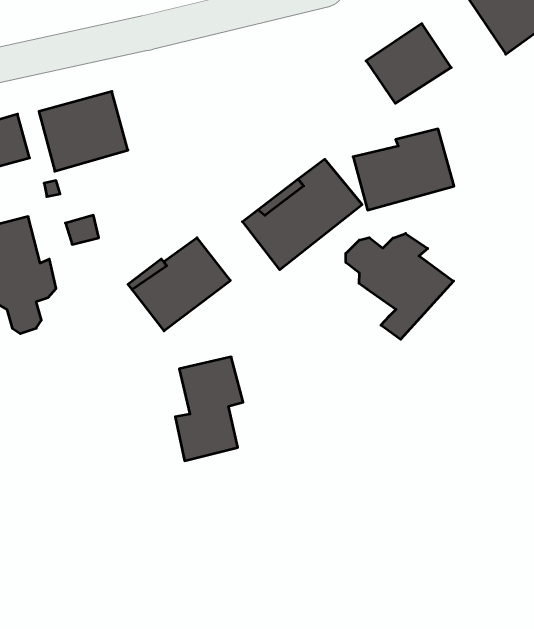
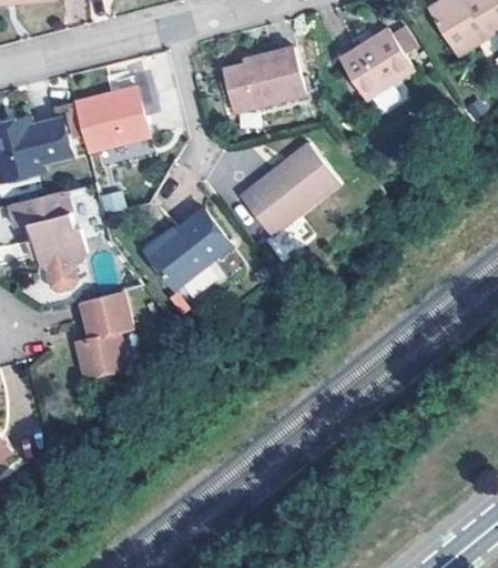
building: [353,129,454,210] -> [222,48,306,115]
building: [346,233,454,339] -> none
building: [175,357,243,461] -> [78,291,134,377]

